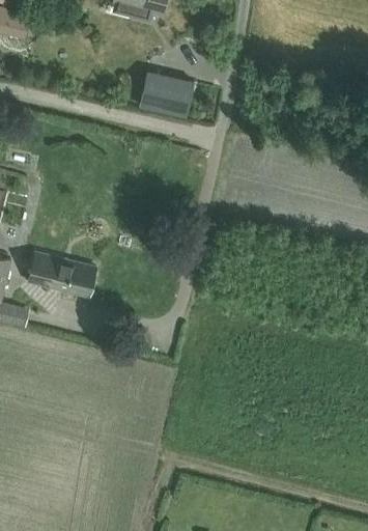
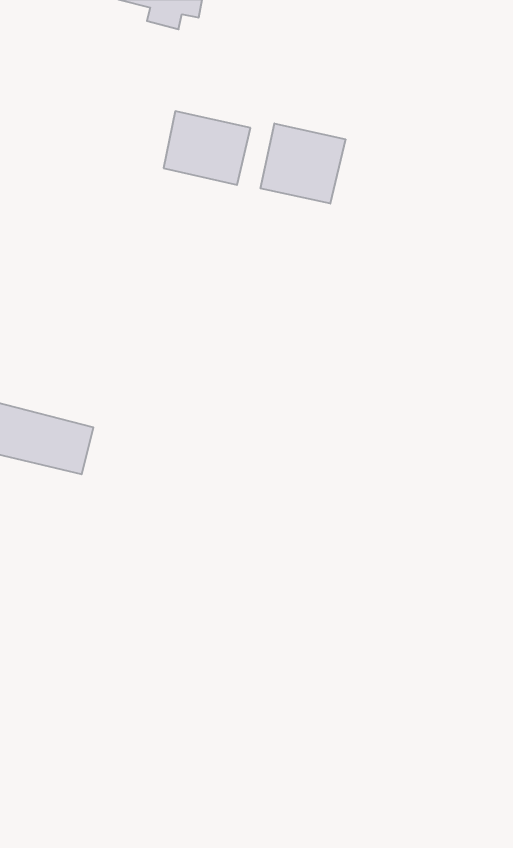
building: none -> [261,123,345,204]

